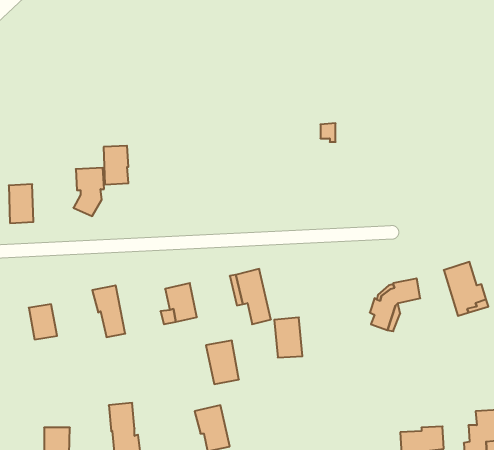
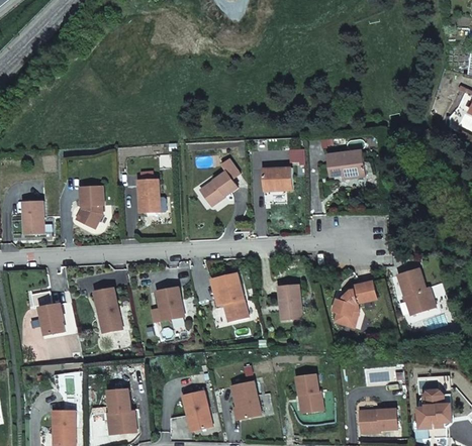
building: none -> [325,150,364,178]
building: none -> [202,159,239,205]
building: none -> [261,166,292,190]
building: [104,146,128,185] -> [137,179,159,212]
building: [274,317,302,357] -> [277,285,301,319]
building: [206,341,239,384] -> [231,381,260,419]
building: none -> [296,374,322,412]

